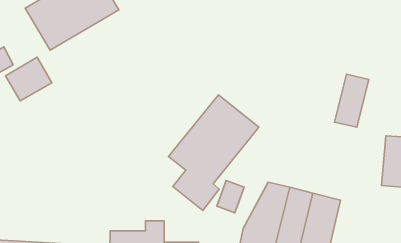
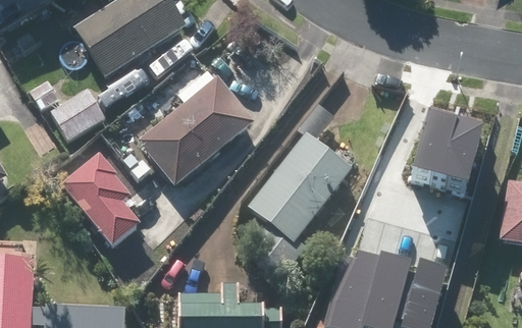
building: none -> [138,64,252,186]
building: none -> [415,102,456,166]
building: none -> [61,153,142,250]

